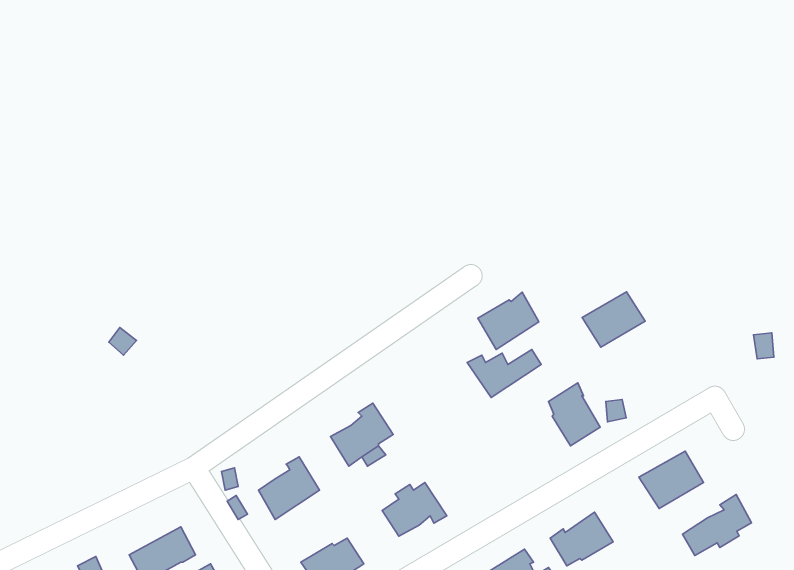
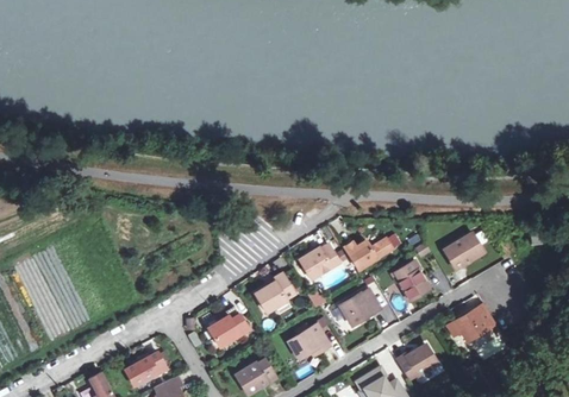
building: [582,292,645,347] -> [442,232,482,267]
building: [478,292,539,350] -> [298,242,337,279]
building: none -> [338,288,379,324]
building: [682,494,752,556] -> none

